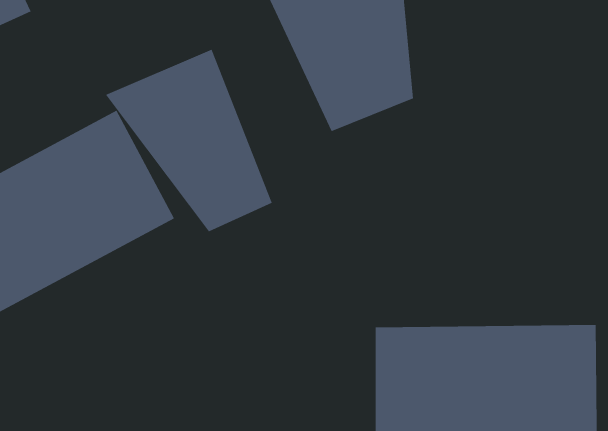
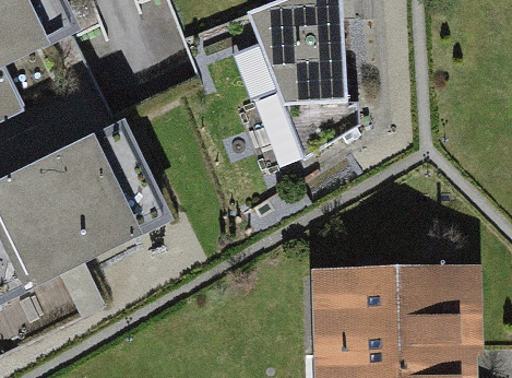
building: [105,49,272,232] -> none

